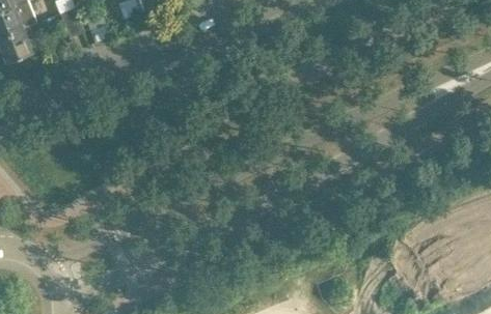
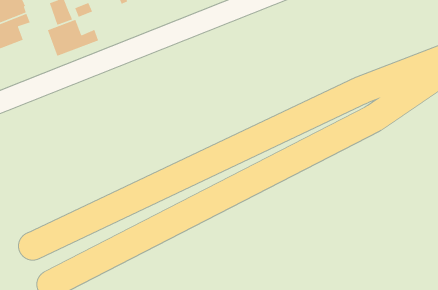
building: none -> [47,19,99,57]

